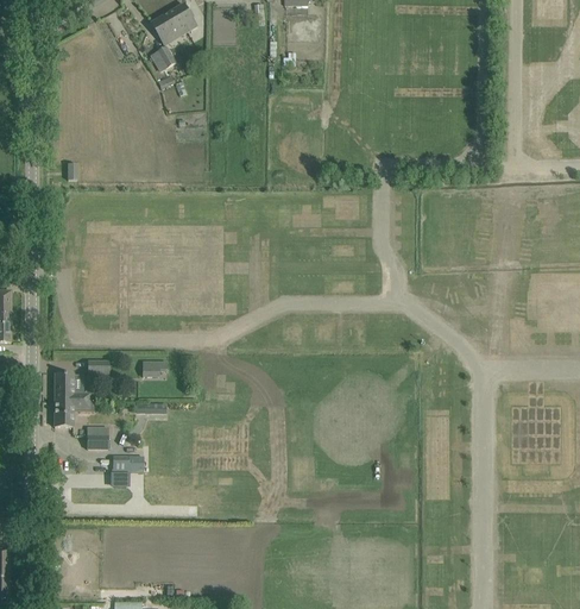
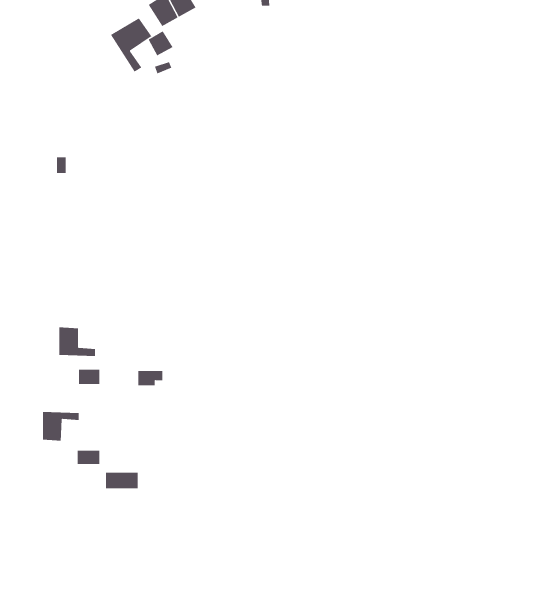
building: none -> [110,17,152,72]
building: [53,372,88,400] -> [58,327,96,356]

